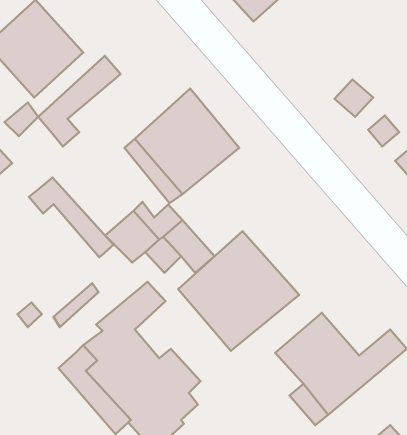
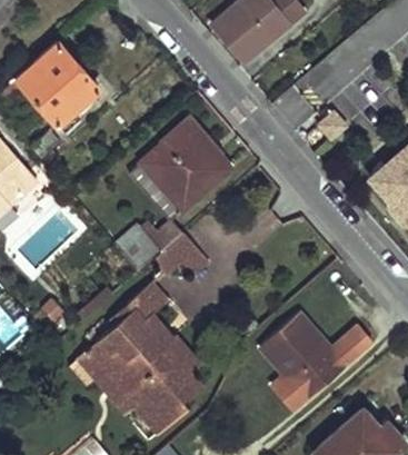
building: [38,56,121,146] -> none
building: [29,178,114,257] -> none
building: [178,231,299,351] -> none

